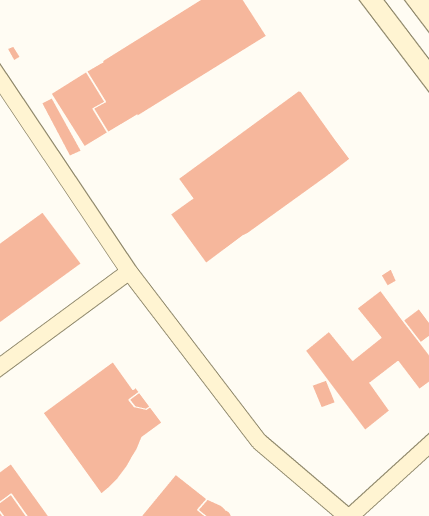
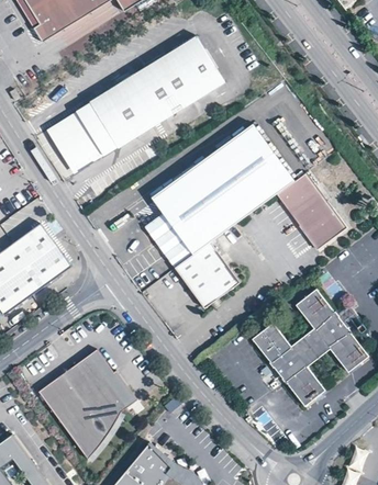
building: none -> [276,171,346,249]
building: none -> [174,243,238,308]

